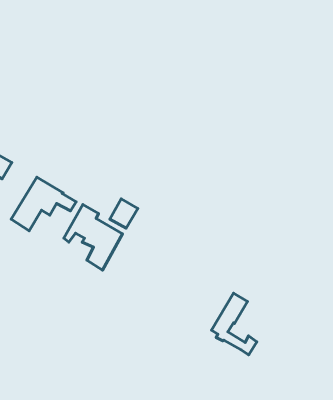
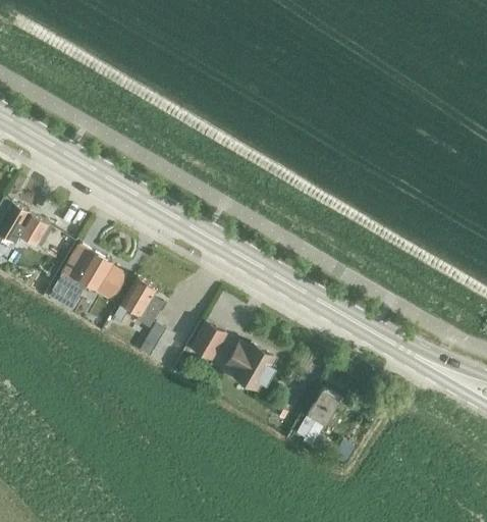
building: [110,199,138,228] -> [191,323,225,360]
building: none -> [225,344,275,390]

